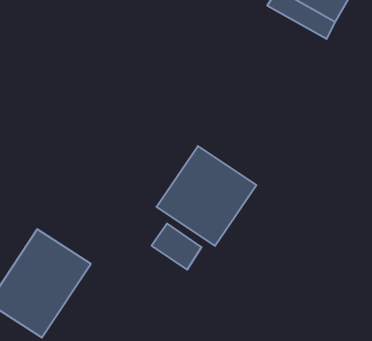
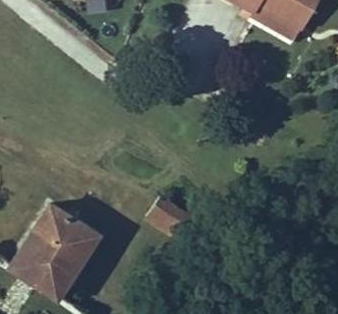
building: [156,146,256,246] -> none

